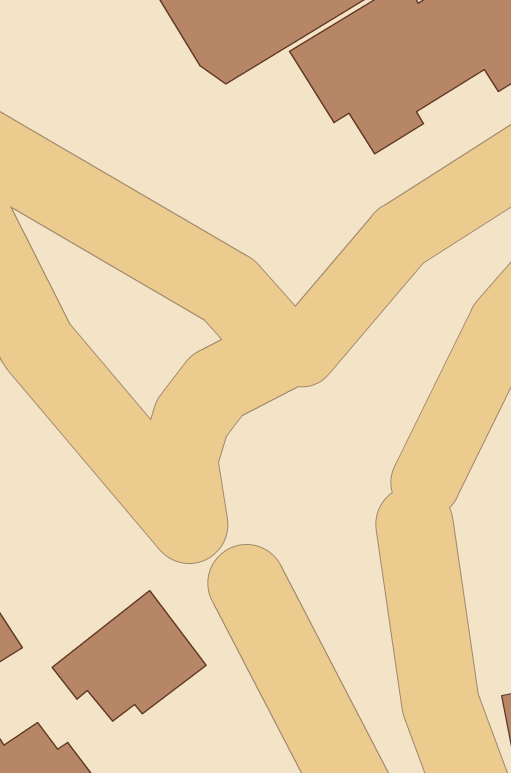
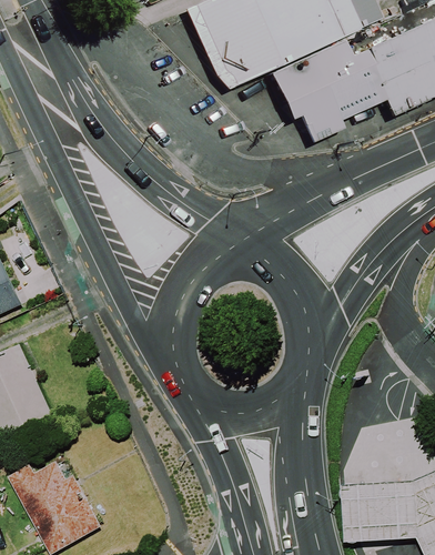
building: [52,591,206,721] -> none

